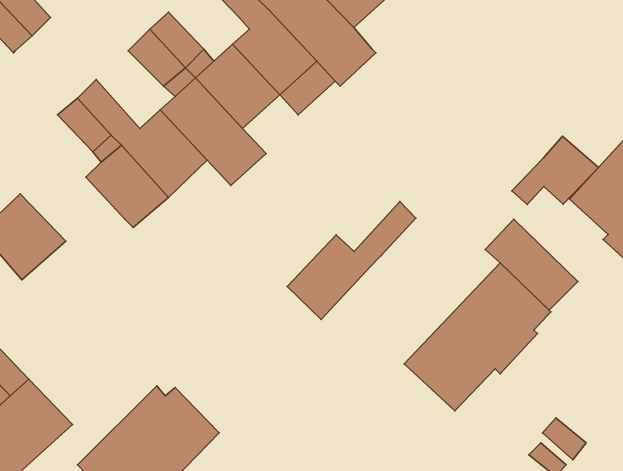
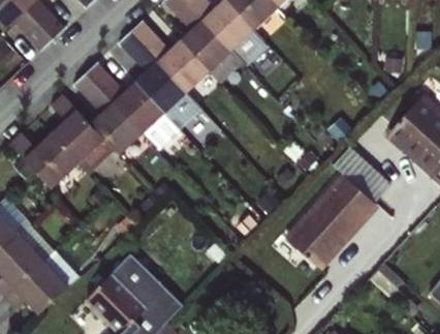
building: none -> [50,94,114,173]
building: [512,136,598,205] -> none
building: [287,202,416,320] -> none

